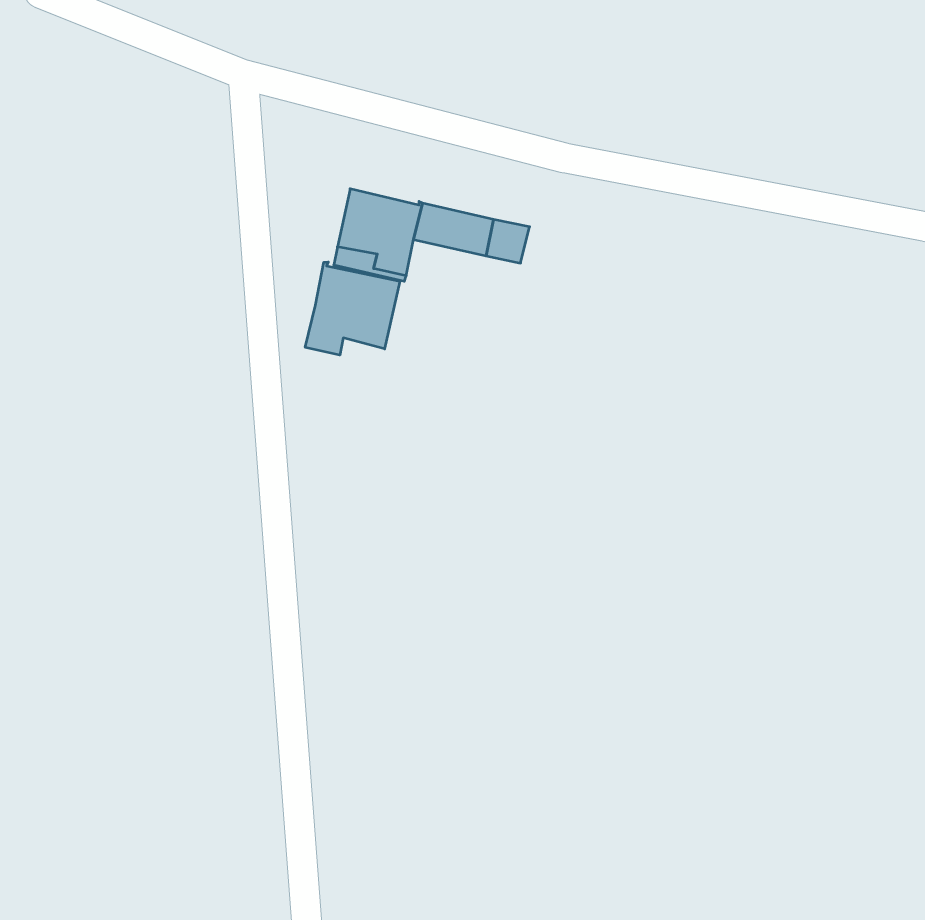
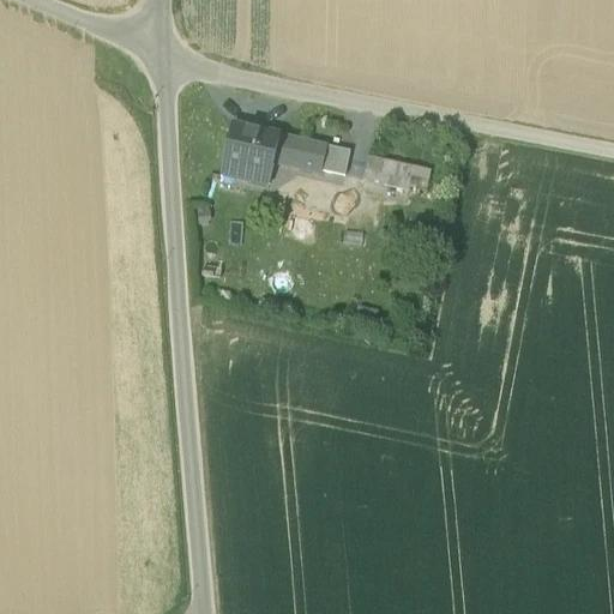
building: none -> [365,155,415,188]
building: [305,262,400,355] -> none

